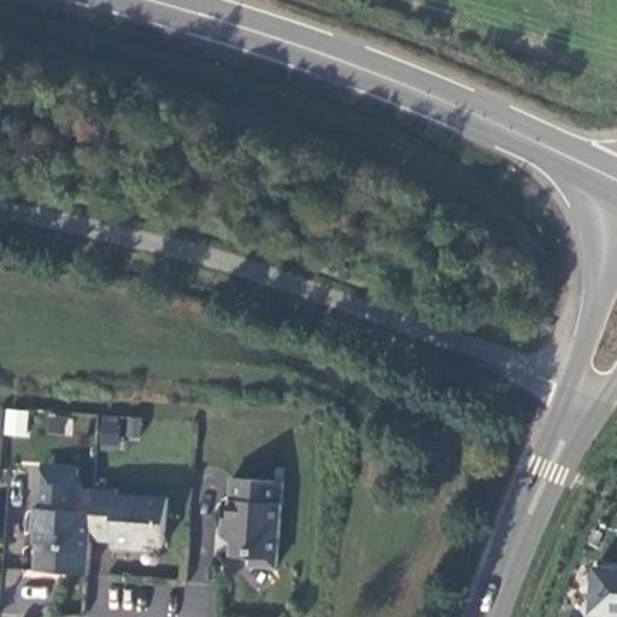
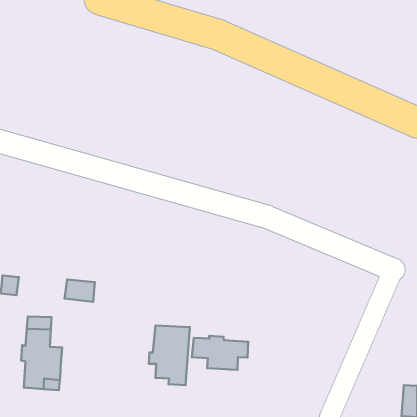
building: [89,490,166,551] -> none
building: none -> [192,336,248,370]

